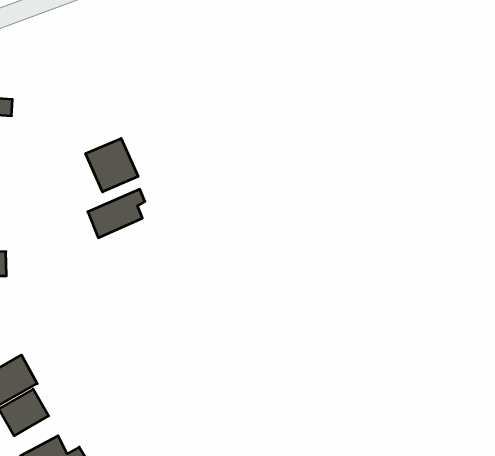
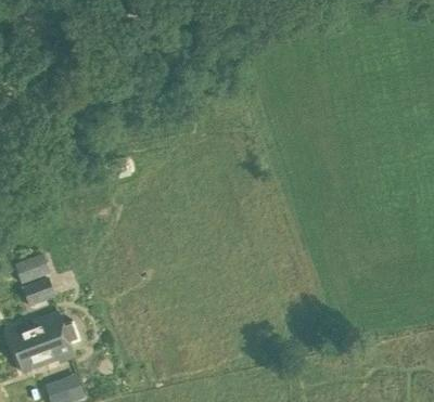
building: [86,138,138,192] -> none

